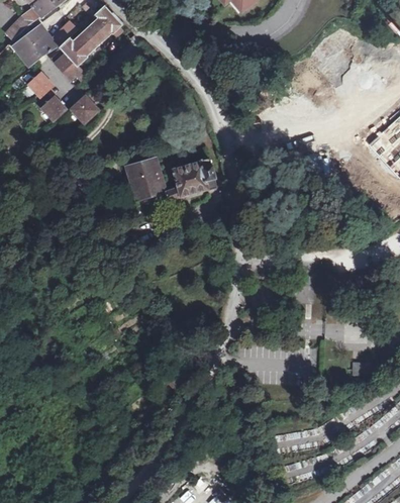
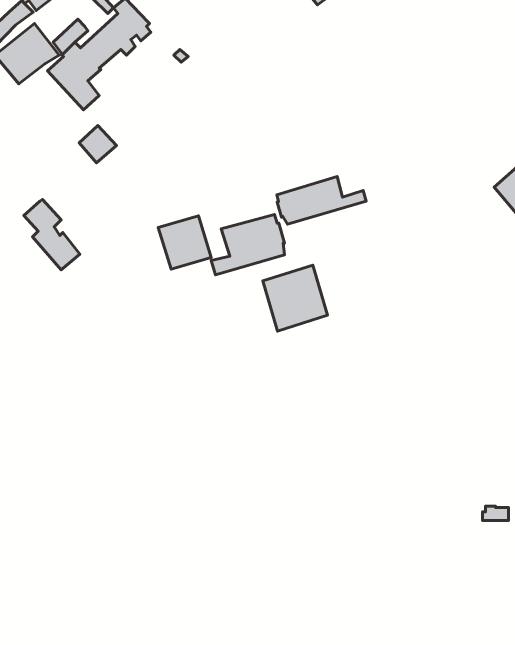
building: [28,72,68,121] -> [24,200,80,270]
building: none -> [277,176,366,224]
building: none -> [263,265,328,331]

